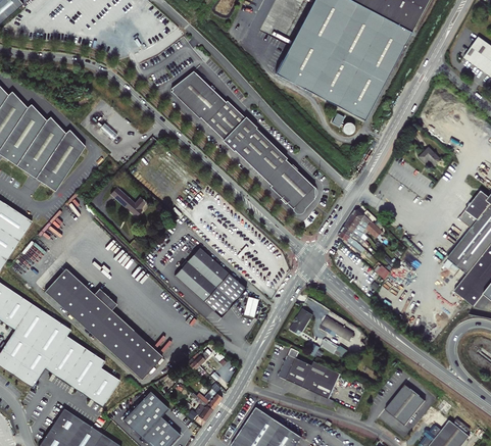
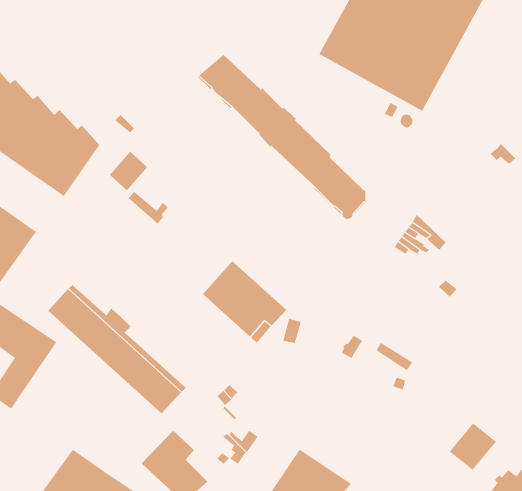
building: none -> [109,151,148,191]
building: [12,316,119,406] -> none
building: [280,354,341,399] -> none

